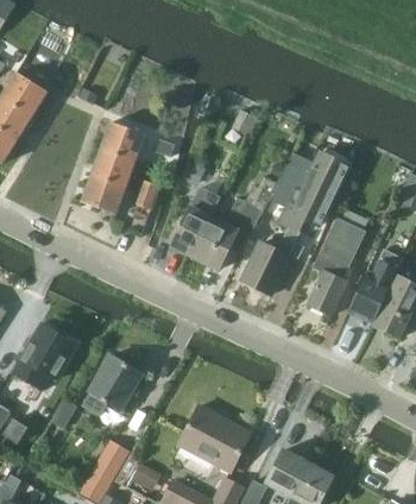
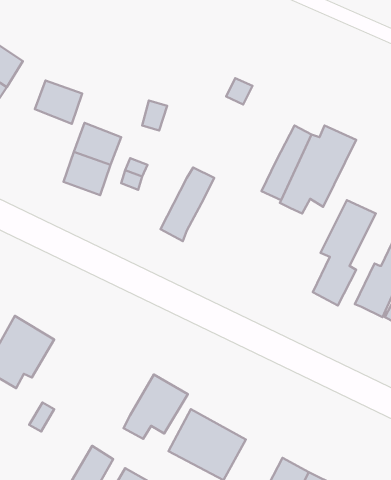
building: [102,121,145,160] -> [35,80,82,124]
building: [191,176,276,267] -> none
building: [242,225,300,292] -> none
building: [82,355,140,414] -> [123,374,188,439]

